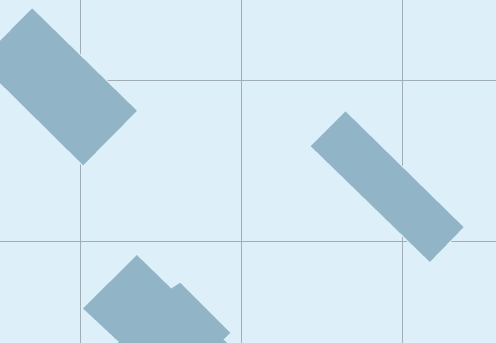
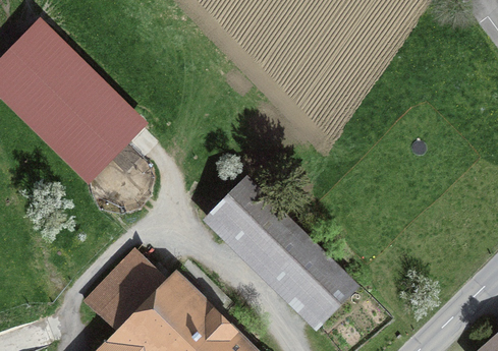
building: [310,111,464,263] -> [213,179,354,318]

